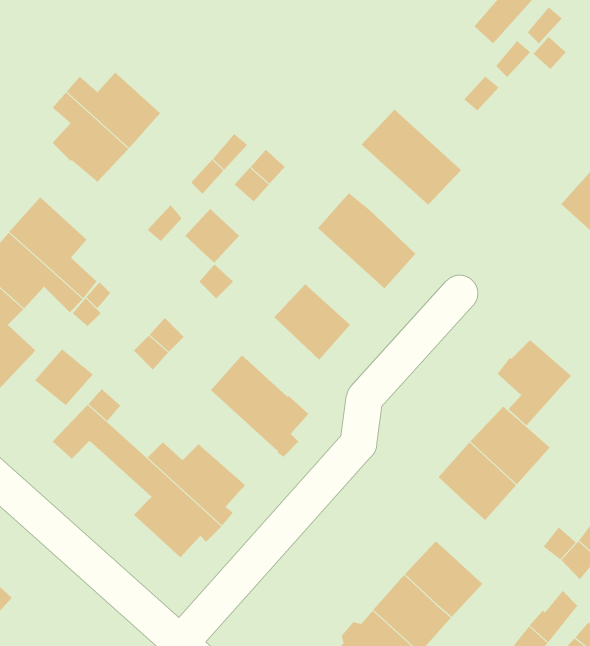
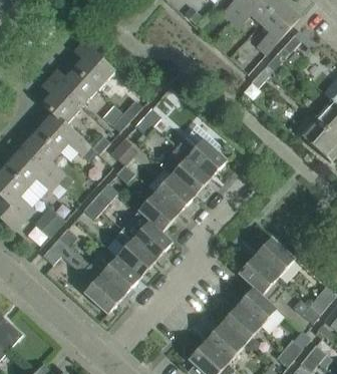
building: none -> [75,41,114,88]
building: [361,109,462,206] -> [160,146,212,196]
building: none -> [37,112,89,152]
building: none -> [139,192,179,232]
building: [497,339,572,426] -> none
building: none -> [115,229,157,277]
building: none -> [238,287,278,327]

